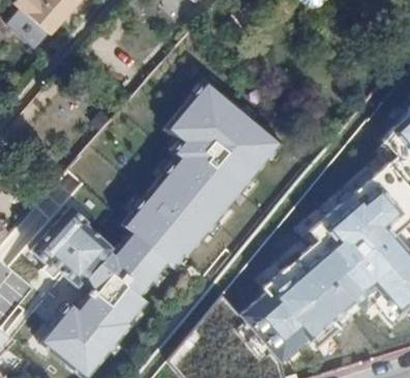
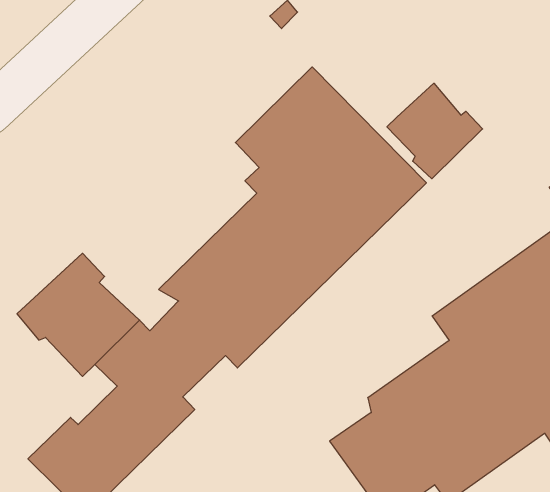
building: none -> [387,83,483,179]

